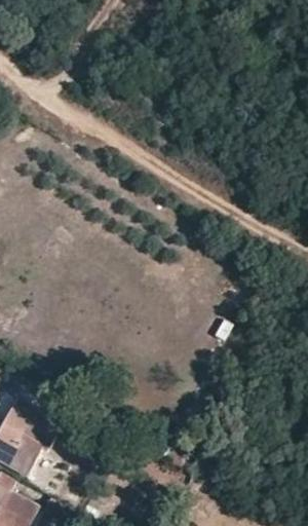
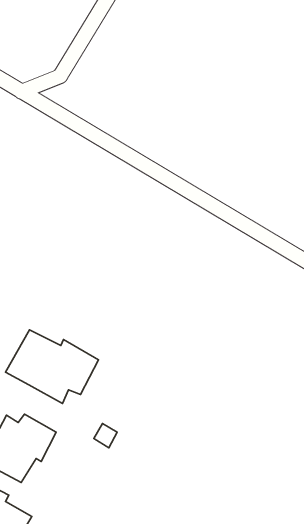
building: none -> [5,330,99,403]

